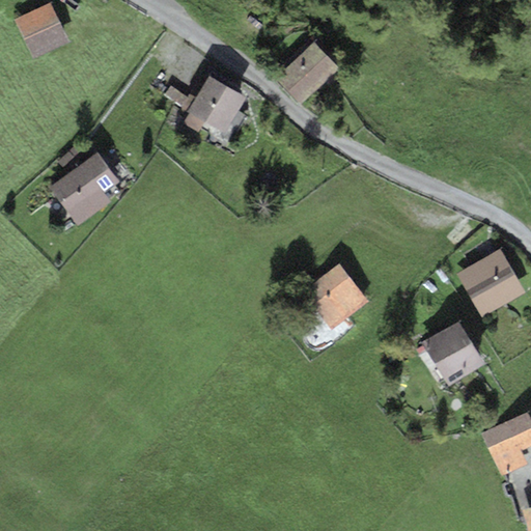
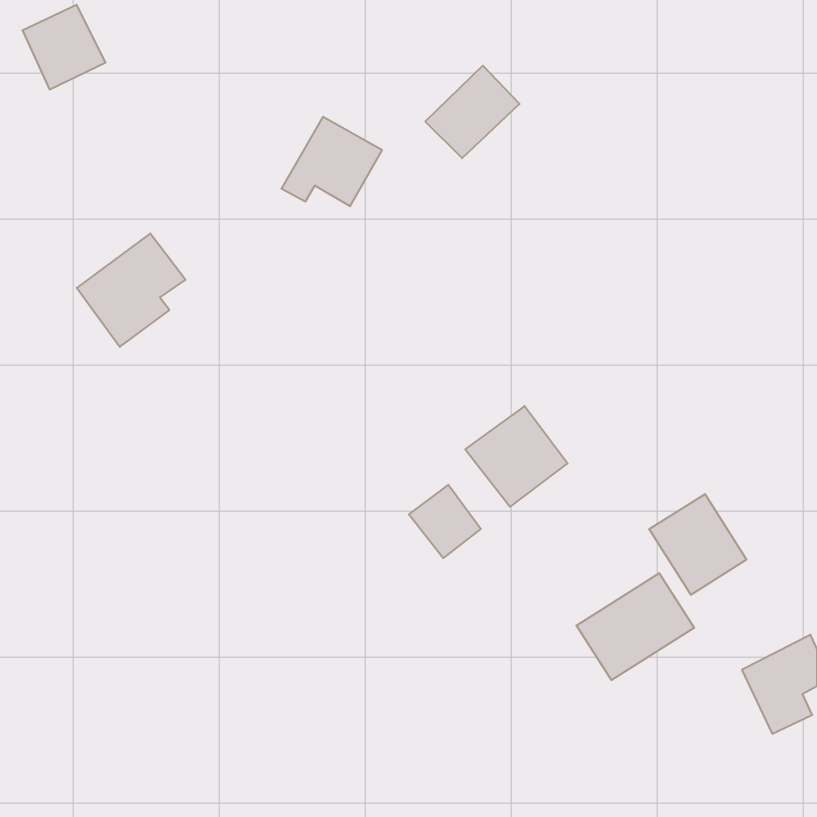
building: [457,250,525,316] -> none
building: none -> [409,485,481,558]
building: none -> [576,573,694,680]

